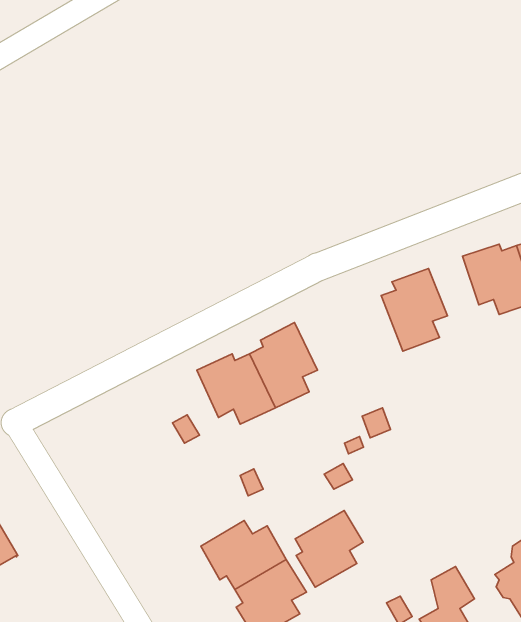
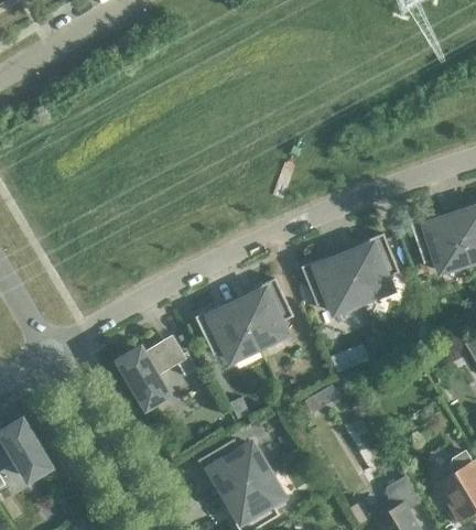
building: none -> [301,255,363,313]
building: none -> [122,343,174,407]
building: [295,510,363,587] -> none

